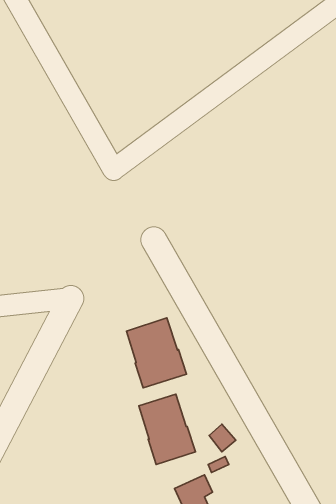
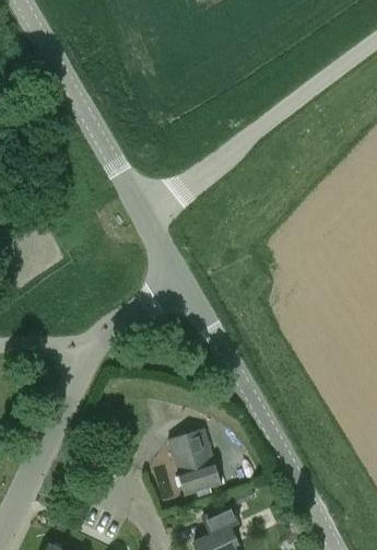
building: [126,318,186,388] -> none

